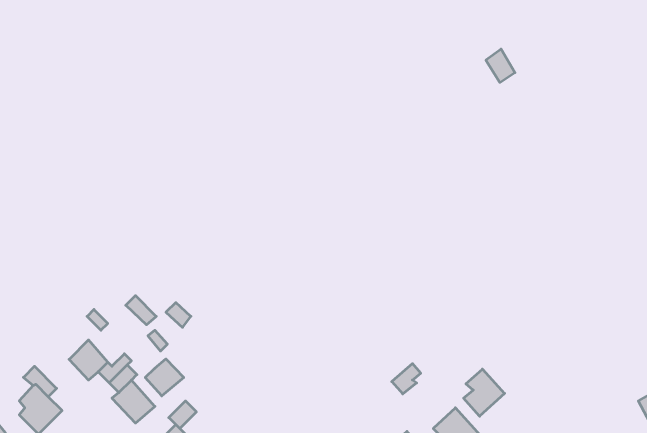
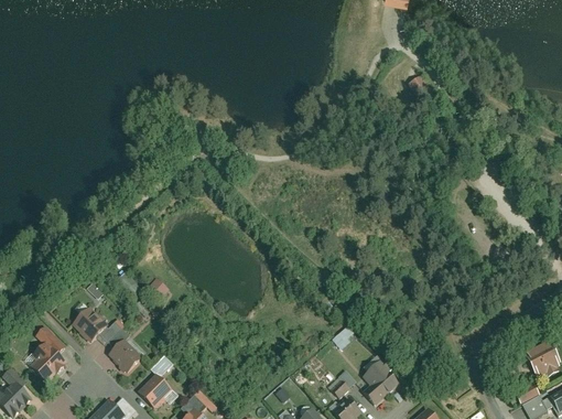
building: [145,359,184,396] -> none
building: [464,369,505,416] -> none

